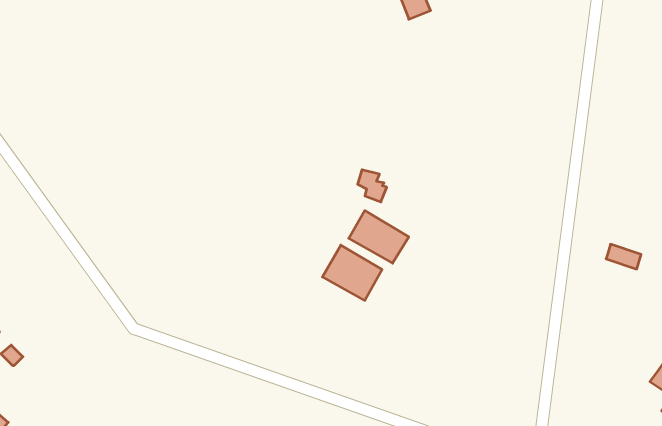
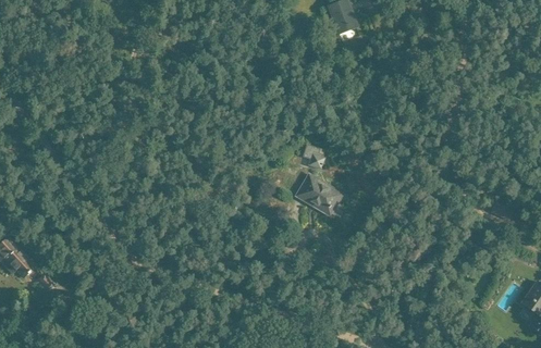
building: [322,245,382,300] -> none

